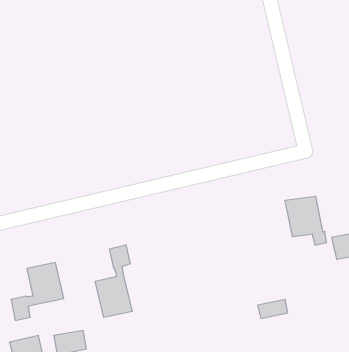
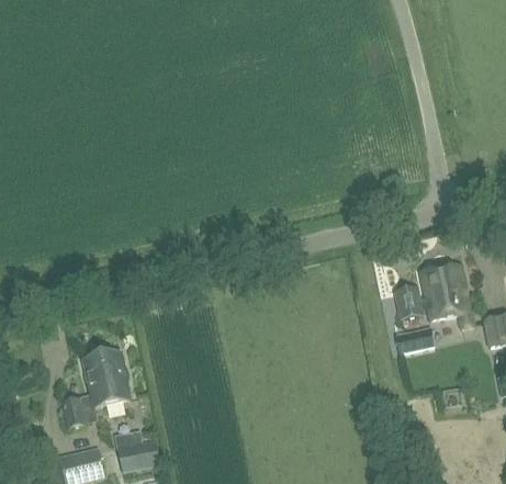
building: none -> [392,283,424,317]
building: [95,245,132,317] -> none
building: [258,299,288,319] -> [394,326,434,351]

